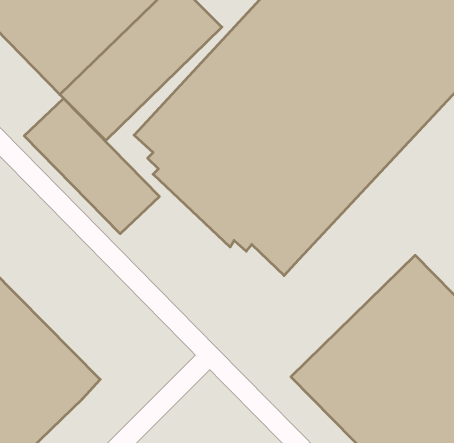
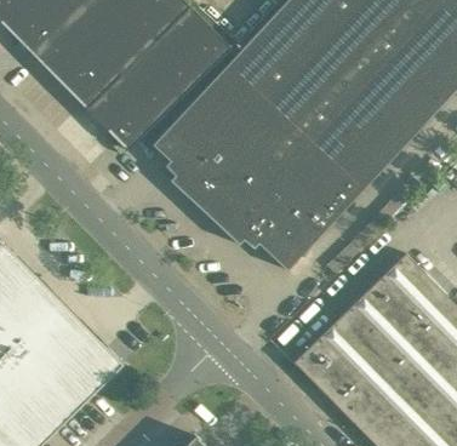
building: [24,98,159,234] -> none

